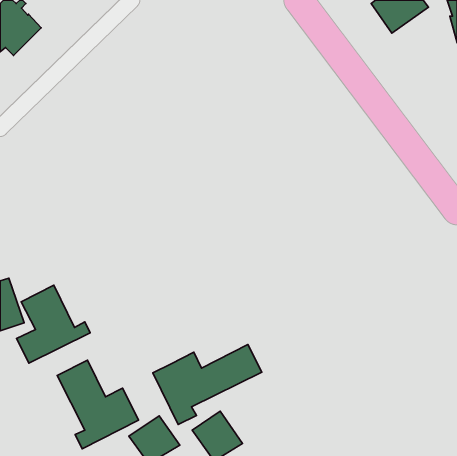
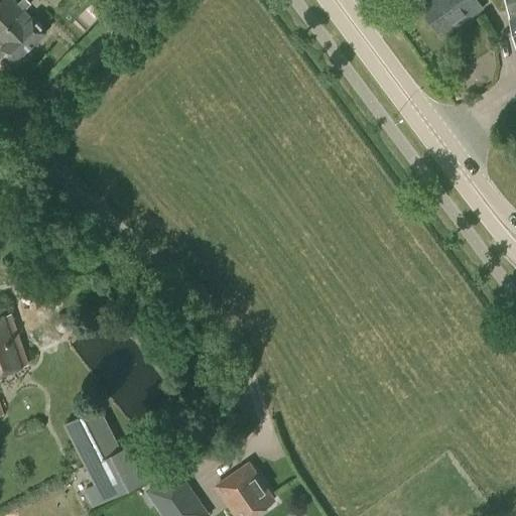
building: [17,285,90,363] -> none
building: [153,344,262,425] -> none

